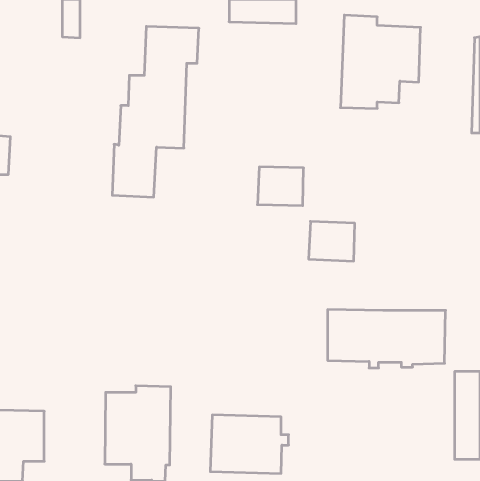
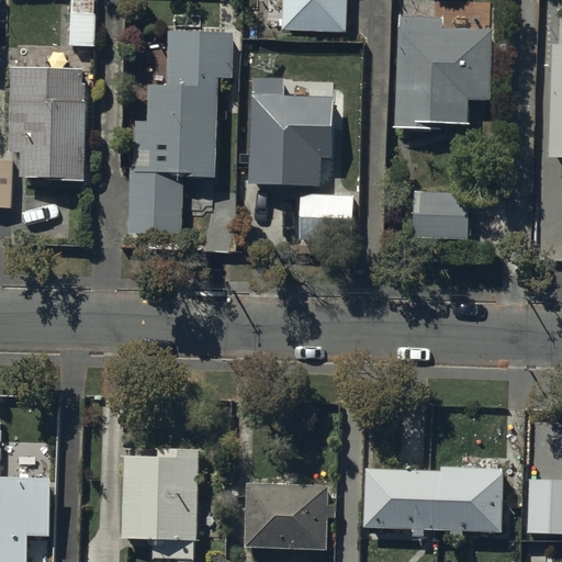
building: none -> [11,69,86,178]
building: none -> [250,77,330,183]
building: [309,221,355,261] -> [414,192,468,238]
building: [328,310,446,368] -> [364,469,502,537]

